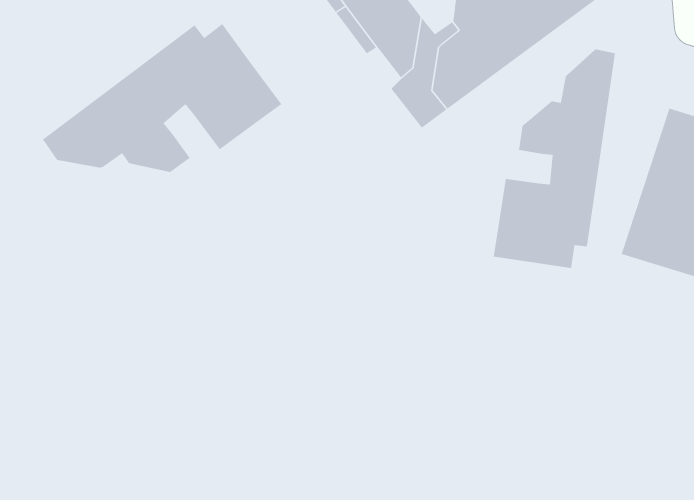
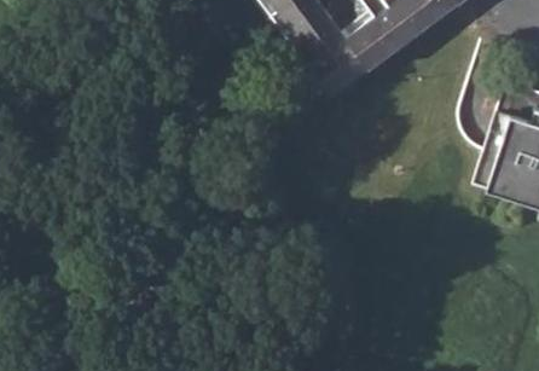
building: [42,23,282,173] -> none
building: [493,49,615,269] -> none

